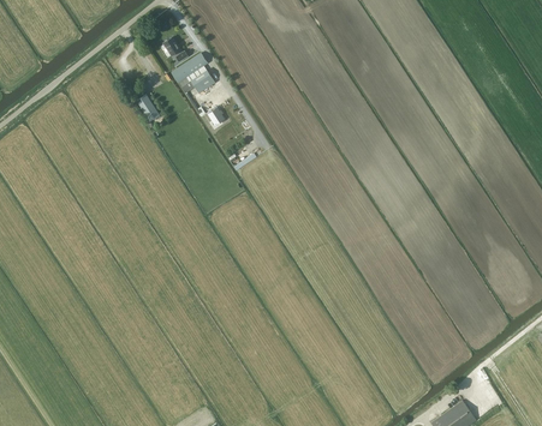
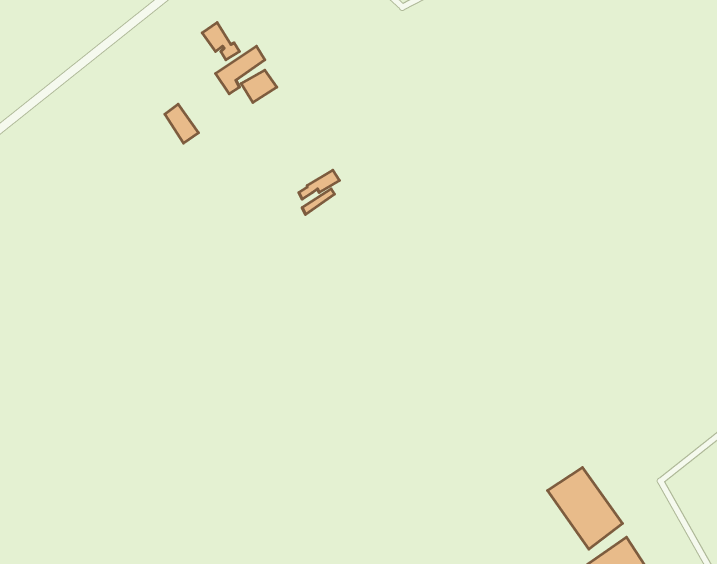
building: none -> [547,467,622,549]

